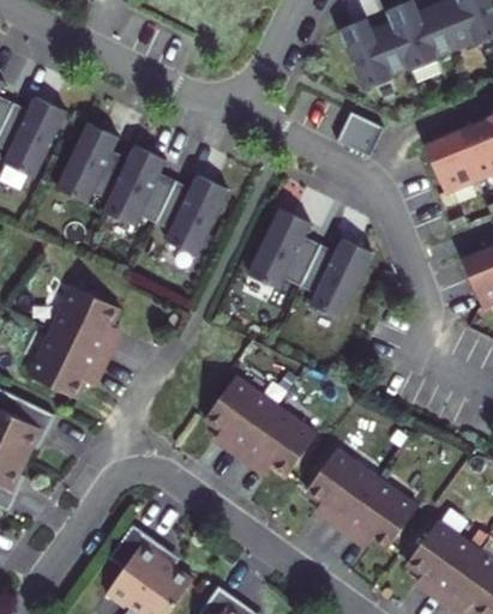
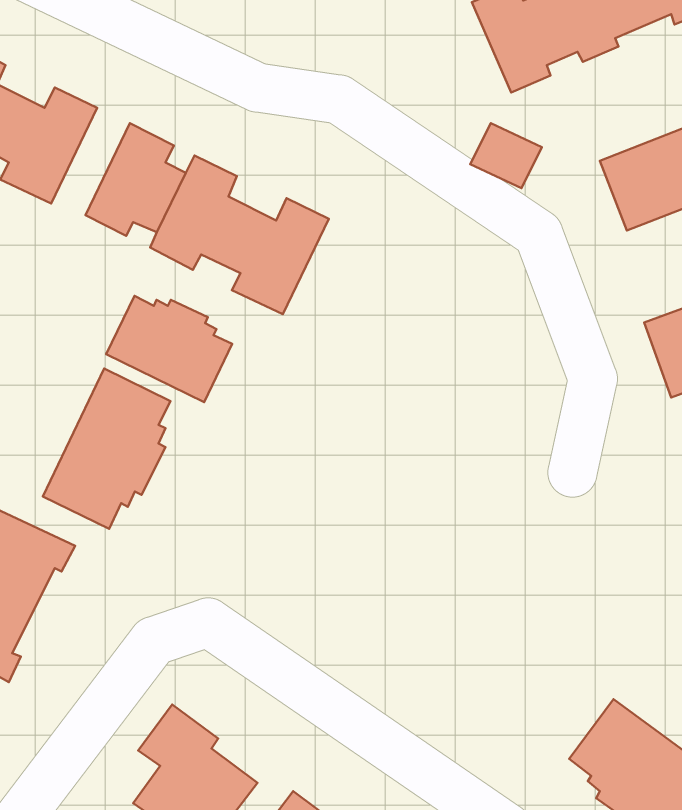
building: [247,211,373,323] -> none
building: none -> [106,296,232,402]
building: [208,377,319,478] -> none
building: [306,449,417,550] -> none

